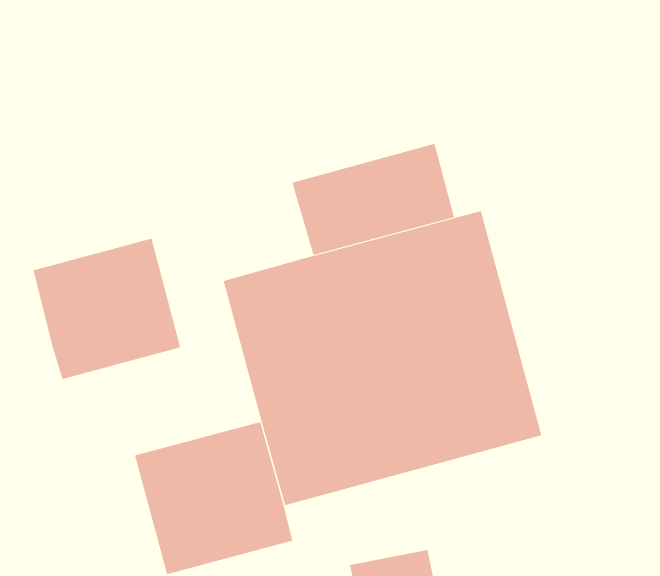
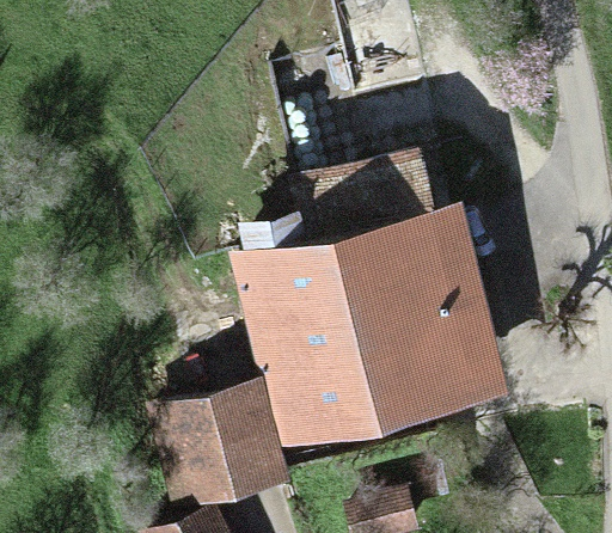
building: [33,238,181,380] -> none

